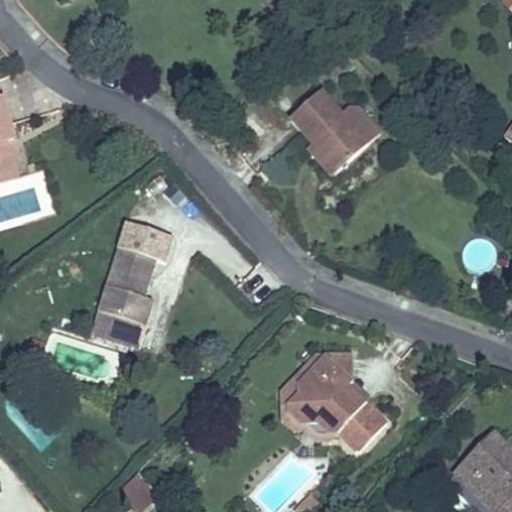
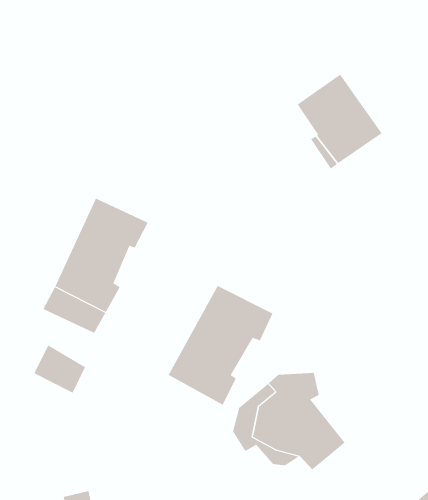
building: none -> [168,285,273,406]
building: none -> [33,344,86,394]

